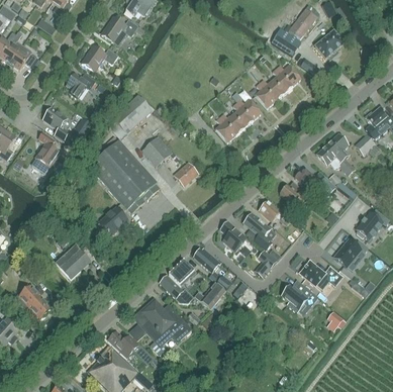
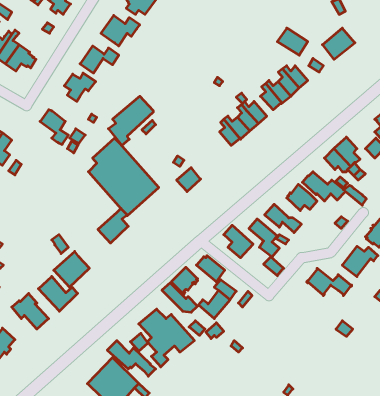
building: [288,7,316,38] -> none
building: [31,131,60,173] -> none
building: [141,135,171,165] -> none
building: none -> [38,276,78,311]
building: [281,282,318,311] -> none

